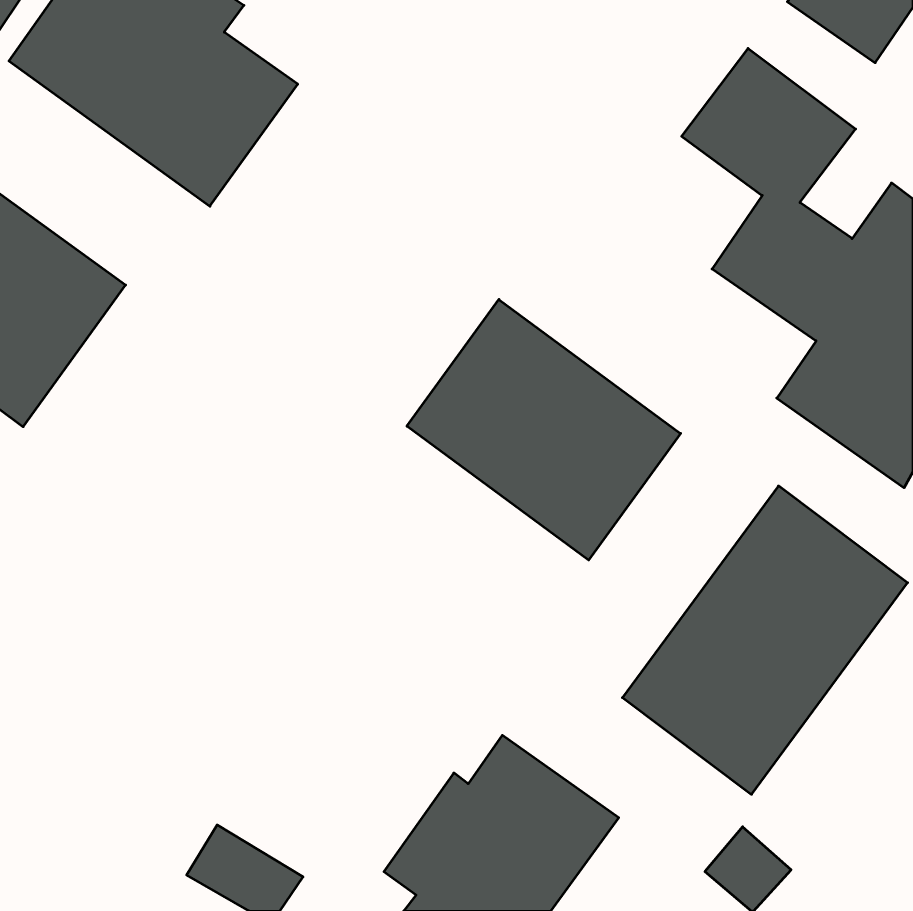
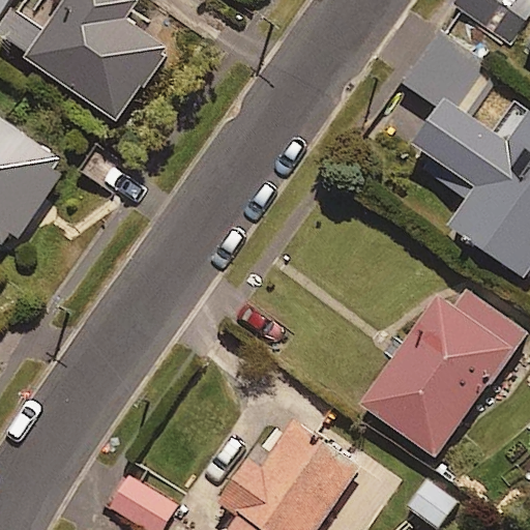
building: [407,299,681,560] -> none

